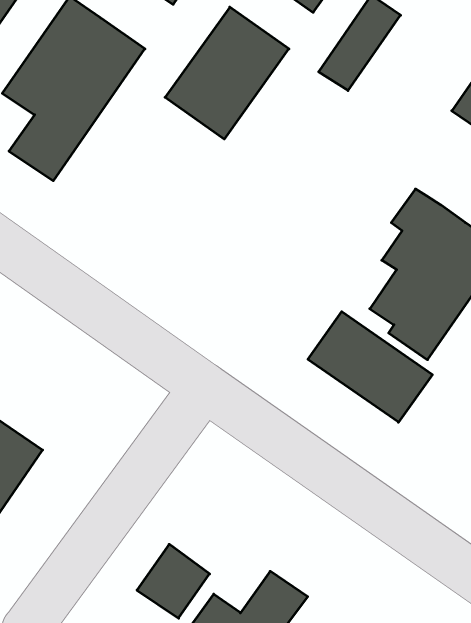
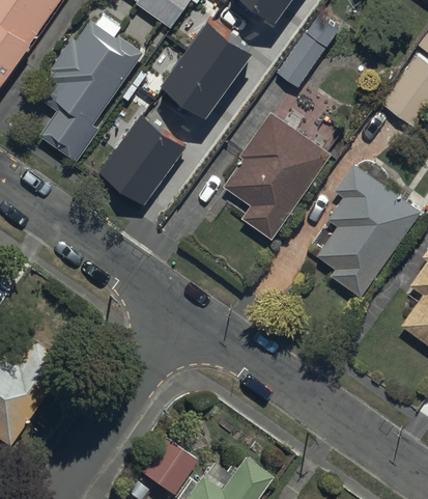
building: none -> [220,110,332,243]
building: none -> [99,120,186,210]
building: [308,312,432,422] -> none

